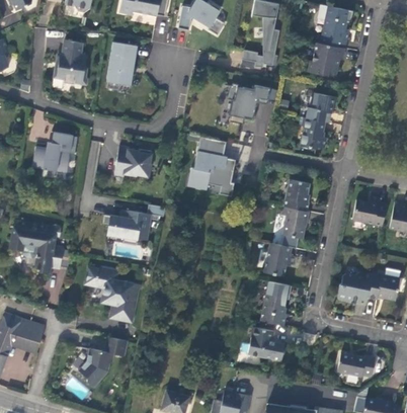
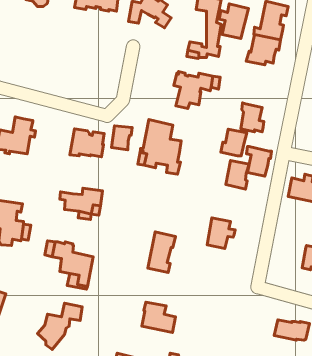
building: none -> [219,4,249,39]
building: [54,40,87,85] -> none
building: [107,43,139,90] -> none
building: [306,93,334,122] -> [221,129,247,156]
building: none -> [112,126,132,150]
building: [281,206,309,239] -> [246,147,271,176]
building: [336,272,372,304] -> none
building: [261,281,292,326] -> [148,232,176,273]
building: [248,327,284,360] -> [142,302,175,333]

